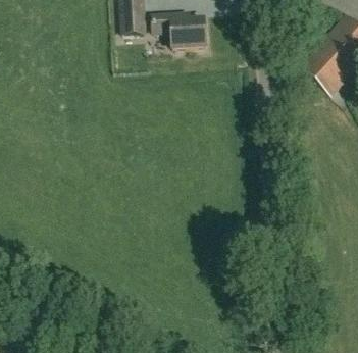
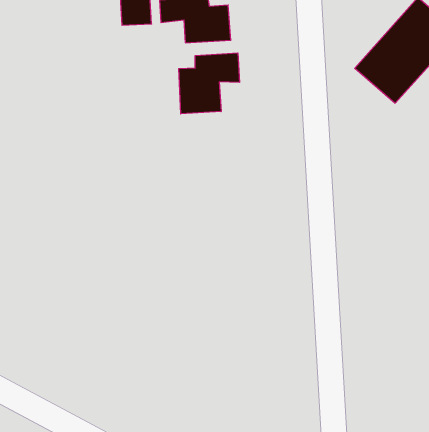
building: none -> [179,53,240,114]

